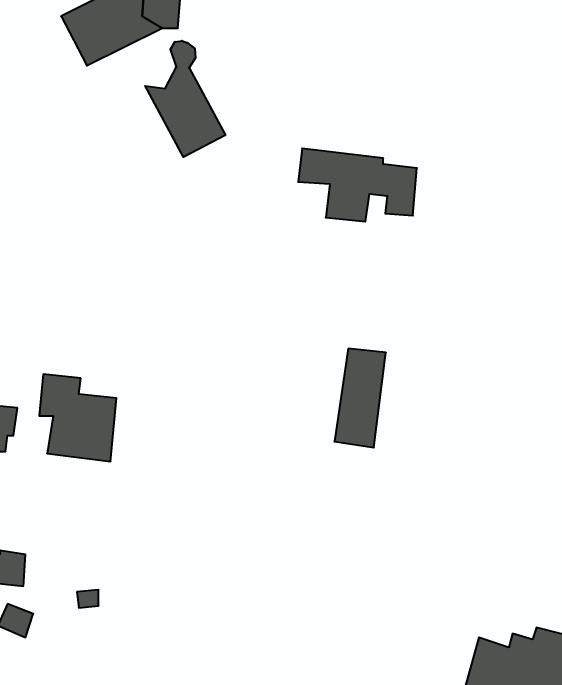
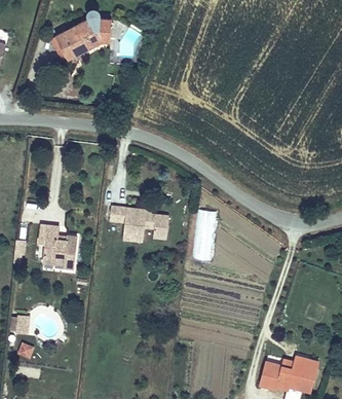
building: [145,41,225,157] -> none
building: [298,148,417,222] -> [108,205,169,243]

